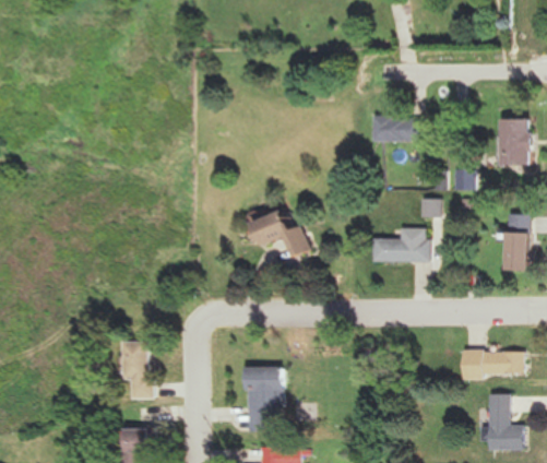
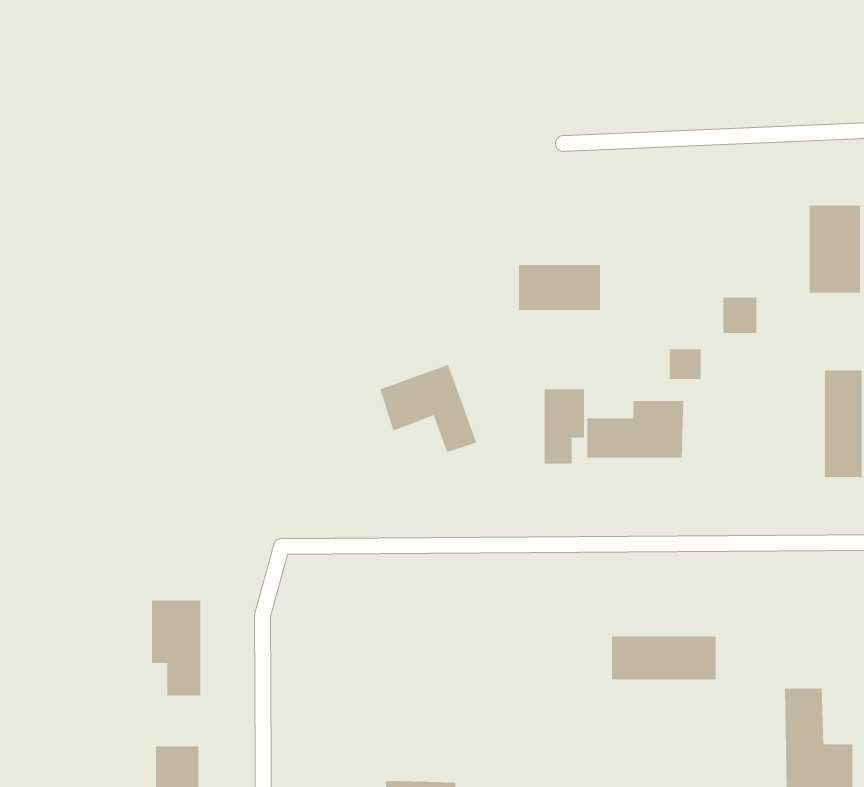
building: [372,117,419,143] -> [518,265,601,311]
building: none -> [544,388,585,464]
building: [461,349,521,375] -> [611,636,717,680]
building: [245,366,282,430] -> none

